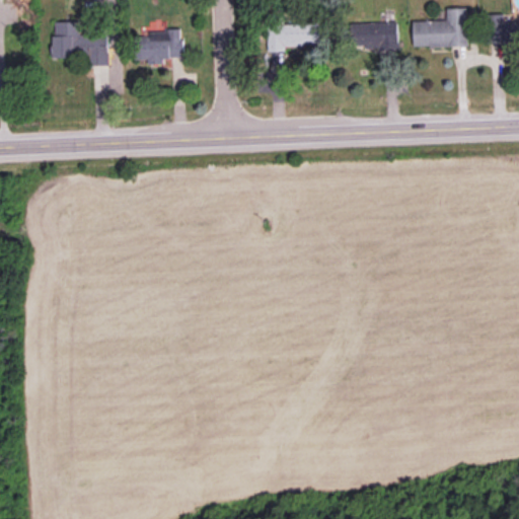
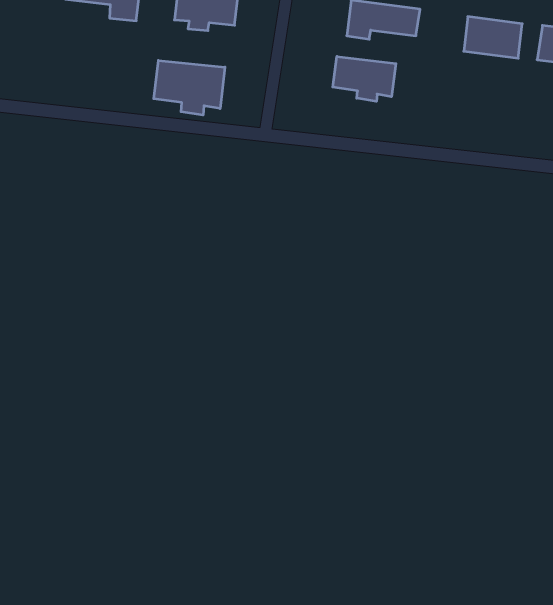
building: none -> [333,56,396,101]
building: none -> [154,60,225,115]

